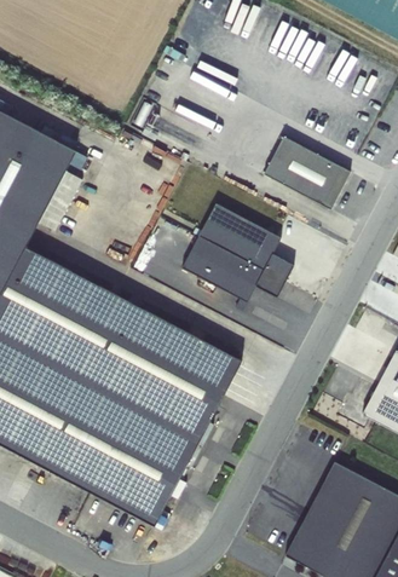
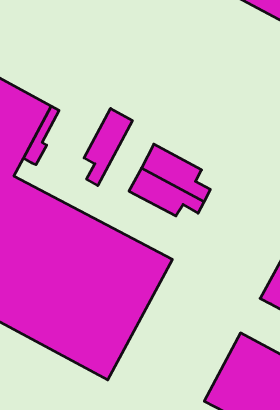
building: [263,135,350,208] -> none
building: none -> [84,108,132,186]

